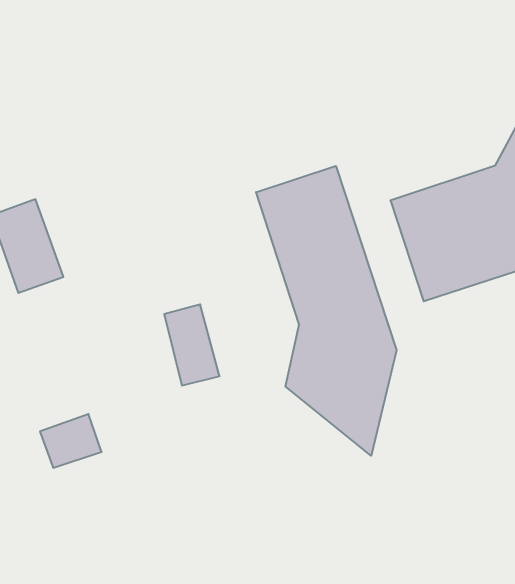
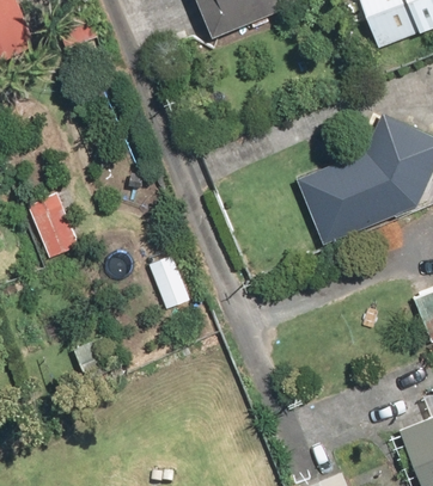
building: [256,166,397,456] -> none

